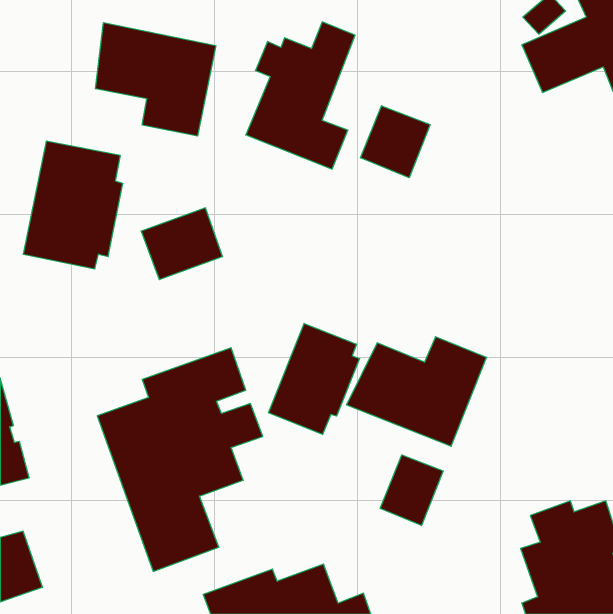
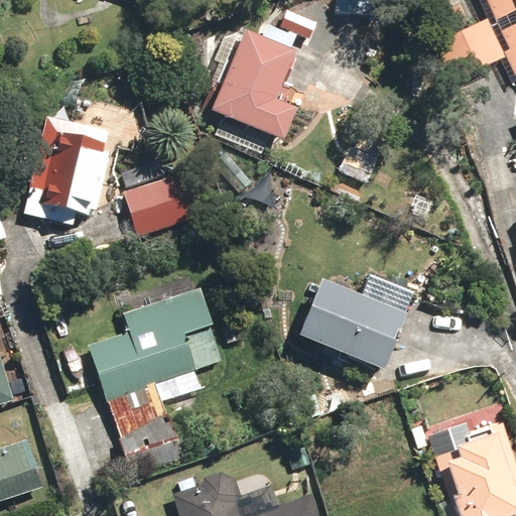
building: [95,23,216,136] -> none
building: [361,106,430,178] -> none
building: [269,323,360,435] -> none
building: [380,455,443,526] -> none

